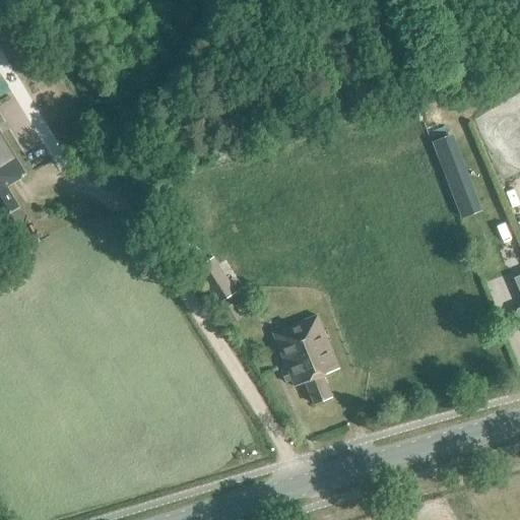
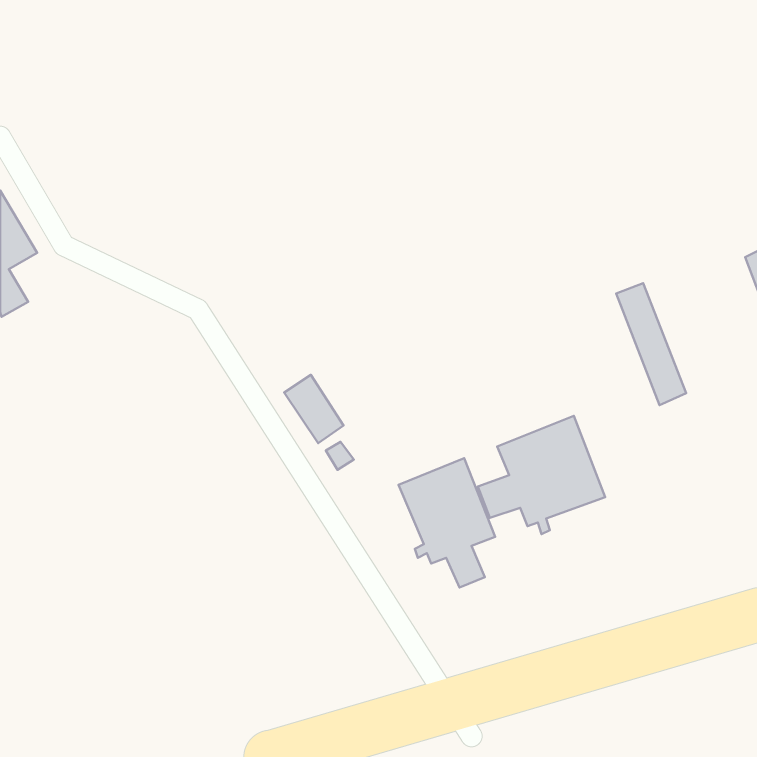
building: [434,137,481,220] -> [616,283,686,405]
building: none -> [478,416,605,534]

